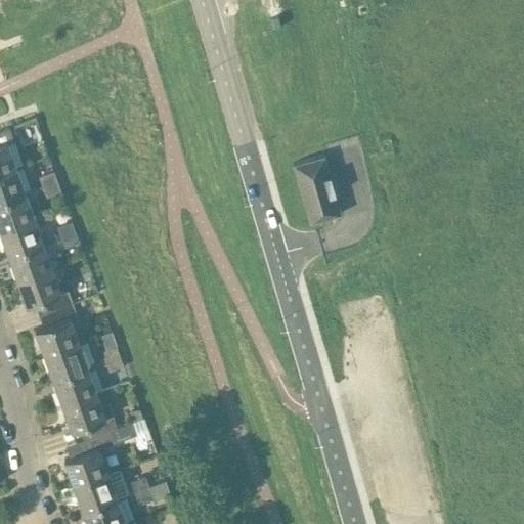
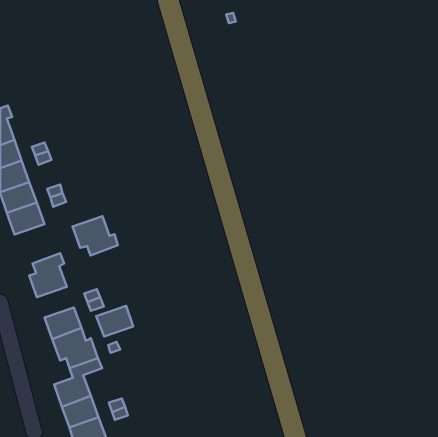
building: [293,156,341,224] -> none
building: [17,269,72,316] -> [73,216,118,256]
building: [44,344,88,381] -> [96,306,133,337]

